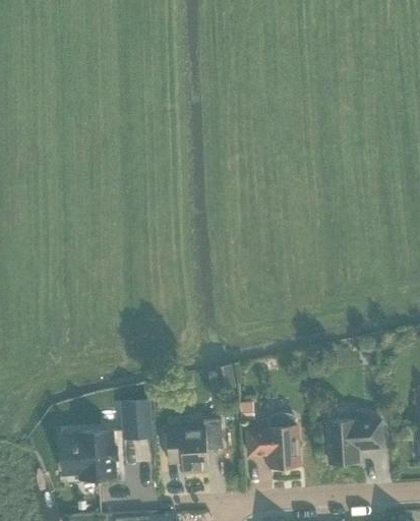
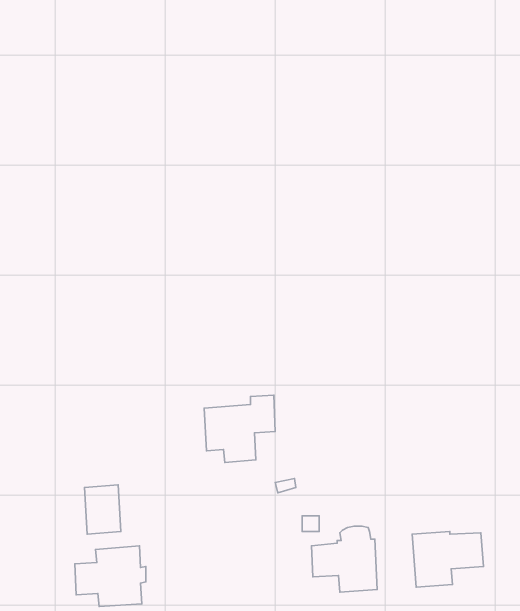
building: [123,400,152,439] -> [84,485,121,534]
building: [168,419,224,472] -> [204,395,275,463]

